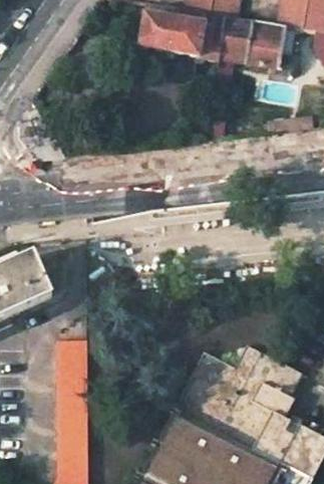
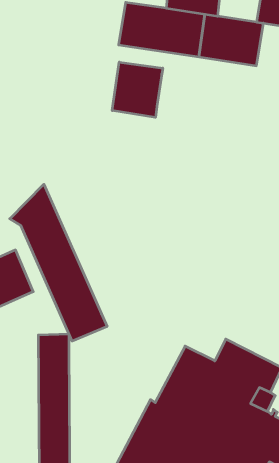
building: none -> [112,62,163,117]
building: none -> [10,184,107,341]

